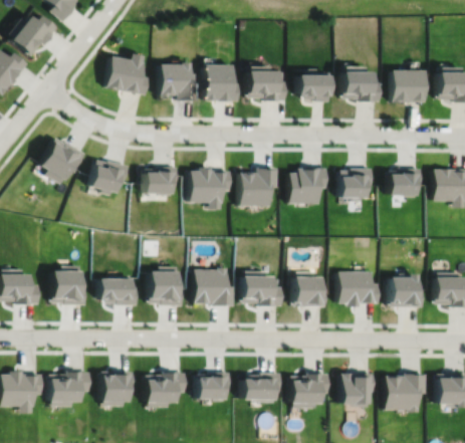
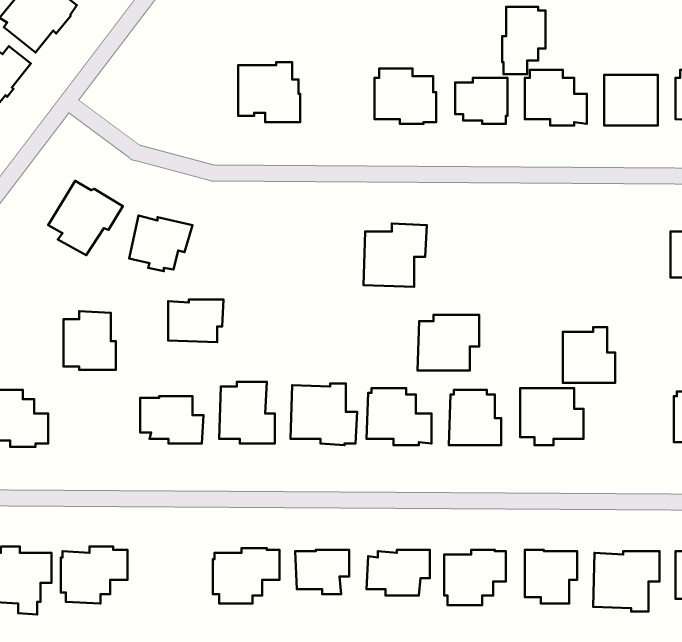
building: none -> [502,7,546,74]
building: [105,54,151,95] -> none
building: [205,66,238,101] -> none
building: [288,167,327,202] -> [418,315,479,370]
building: [145,169,180,196] -> [168,299,224,342]
building: [191,169,231,209] -> none
building: [340,170,374,202] -> none
building: [389,170,423,196] -> none
building: [52,267,85,304] -> [63,311,116,370]
building: [391,271,424,306] -> [563,327,615,383]
building: [99,372,134,407] -> none

